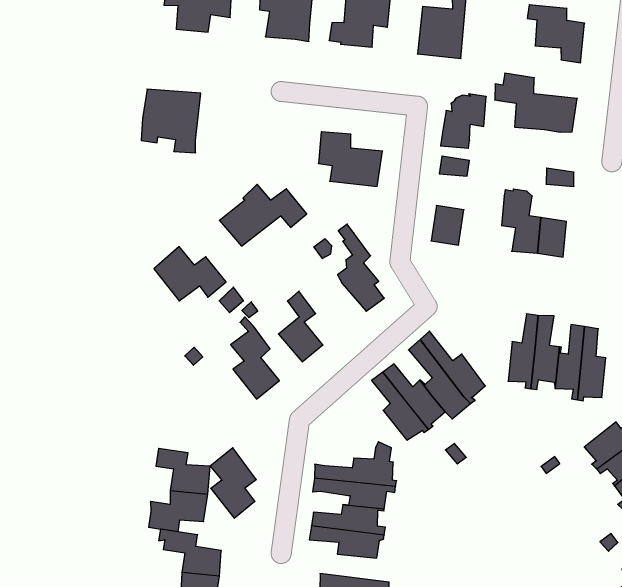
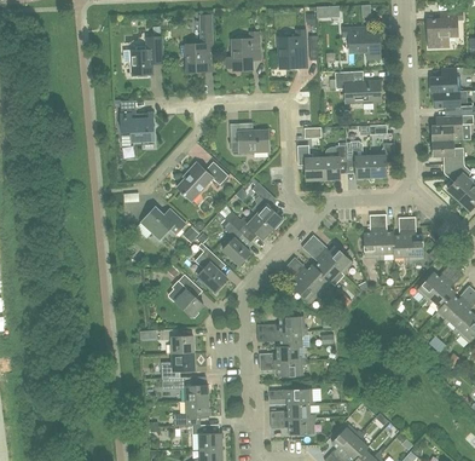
building: [441,94,486,148] -> [322,145,346,179]
building: none -> [225,211,272,238]
building: [210,448,256,518] -> [172,273,202,316]

